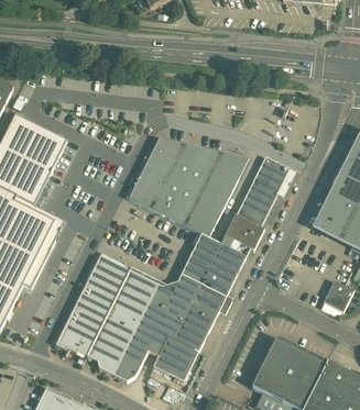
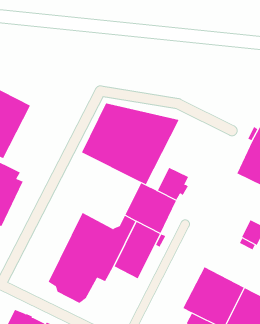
building: [236,156,290,228] -> none
building: [55,261,130,355] -> none
building: [153,336,198,381] -> none

